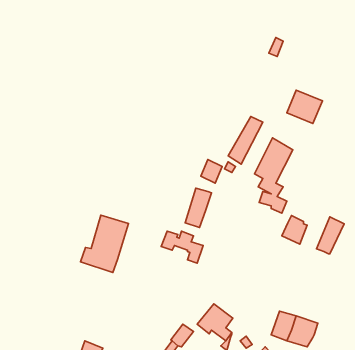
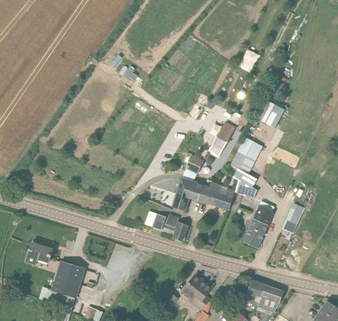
building: none -> [189,182,234,209]
building: [81,215,128,273] -> [44,261,84,309]
building: none -> [243,218,268,248]
building: none -> [25,243,52,265]

